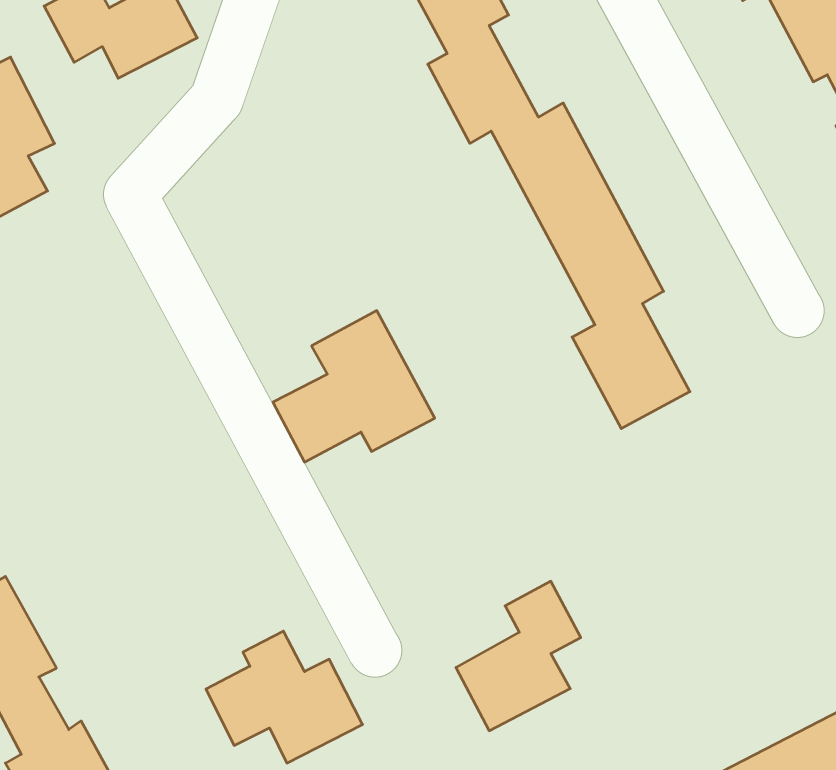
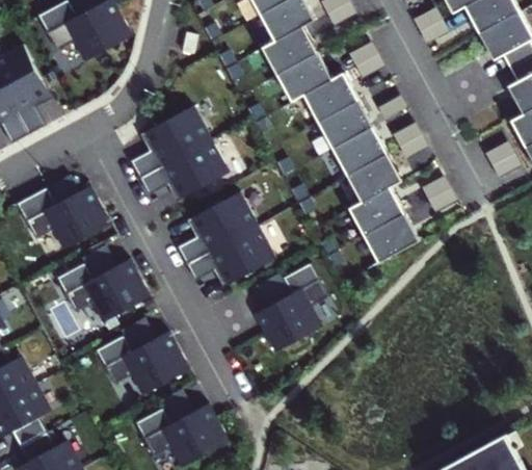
building: none -> [134,108,233,195]
building: none -> [22,180,113,254]
building: none -> [58,241,150,322]
building: none -> [98,313,188,393]
building: [456,581,581,731] -> [257,266,330,355]

